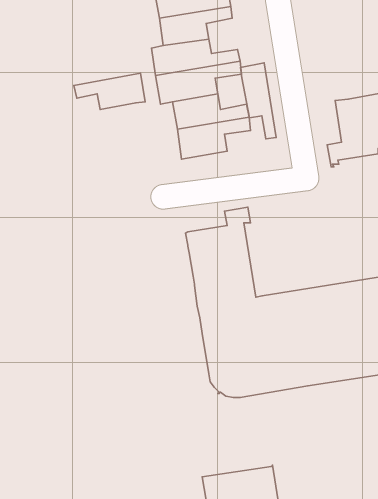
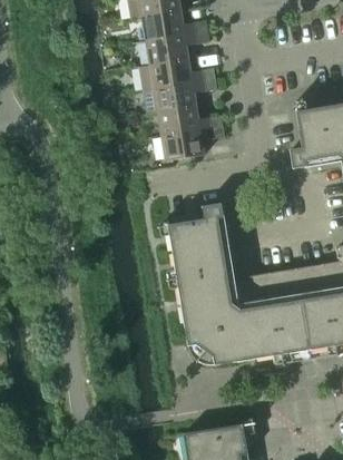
building: [241,63,276,139] -> none
building: [74,73,145,109] -> none

